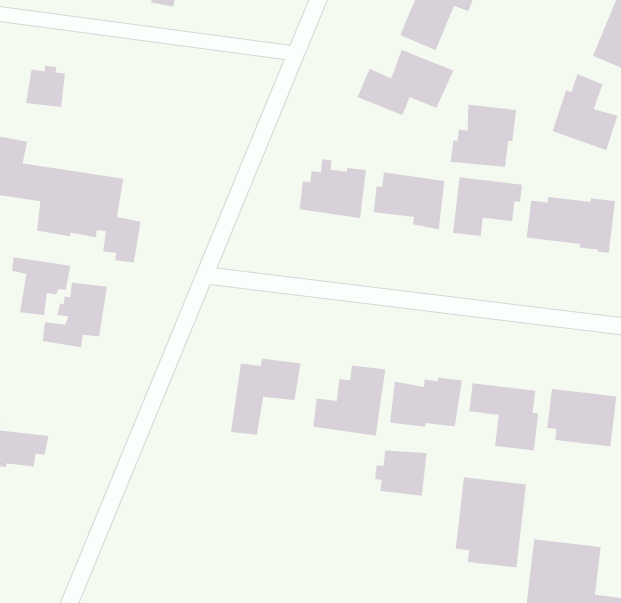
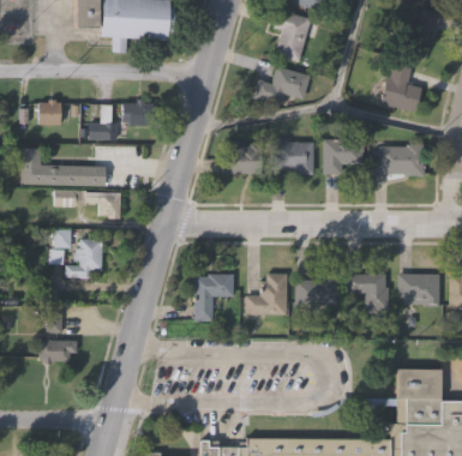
building: none -> [125,97,155,124]
building: none -> [86,106,116,140]
building: [450,104,517,167] -> none
building: [374,450,428,497] -> none
building: [455,477,527,568] -> none

